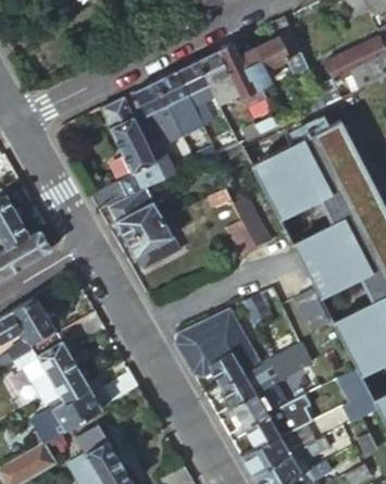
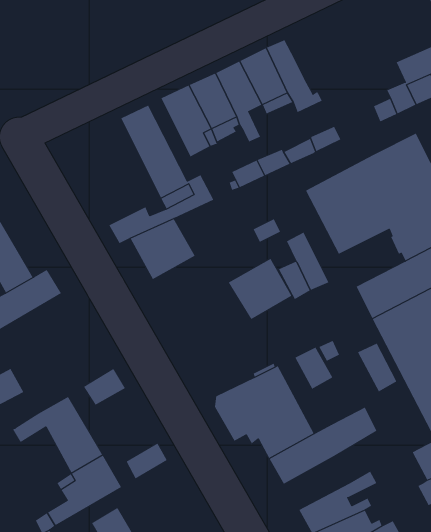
building: [239,17,301,88] -> none
building: [126,220,178,270] -> [228,258,292,320]
building: [9,297,53,360] -> none
building: [233,383,286,426] -> none

